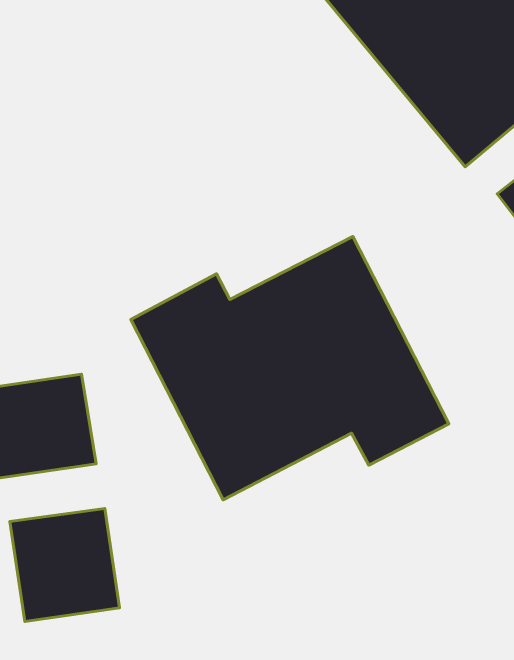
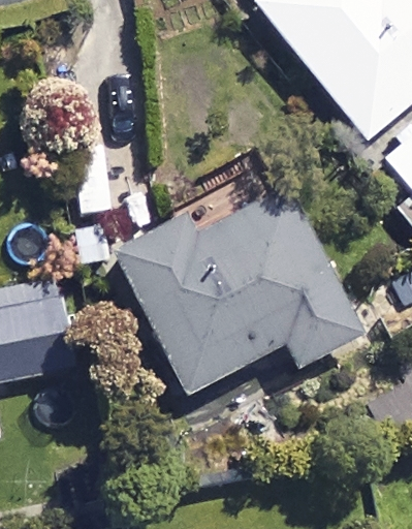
building: [10,509,120,622] -> none

